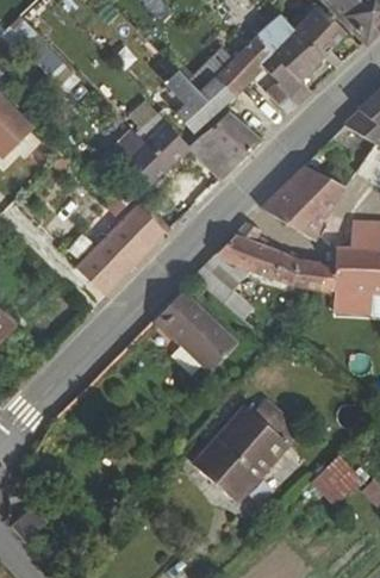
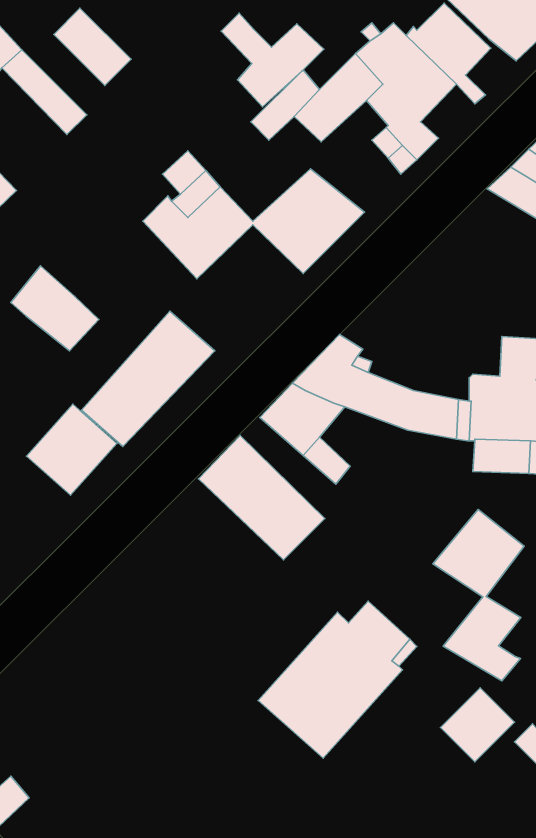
building: none -> [54,8,131,85]
building: [166,70,233,132] -> [221,13,324,107]
building: [261,166,345,242] -> none
building: none -> [11,266,99,351]
building: none -> [27,404,117,495]
building: none -> [433,510,524,681]

